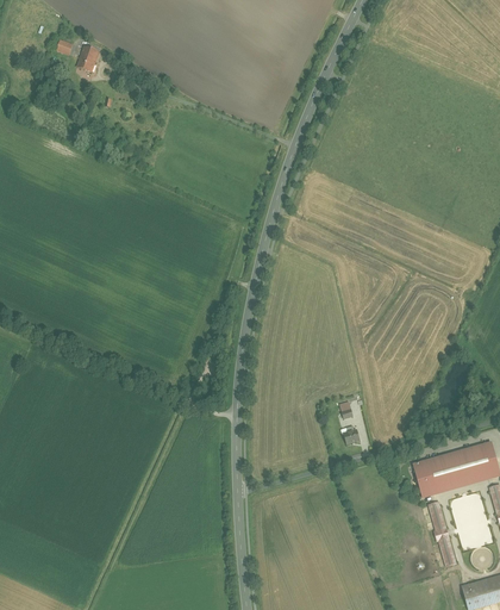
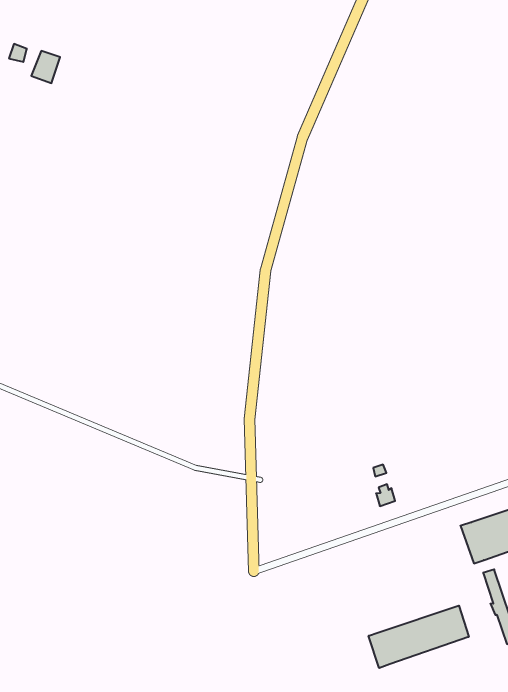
building: none -> [369,606,469,668]

